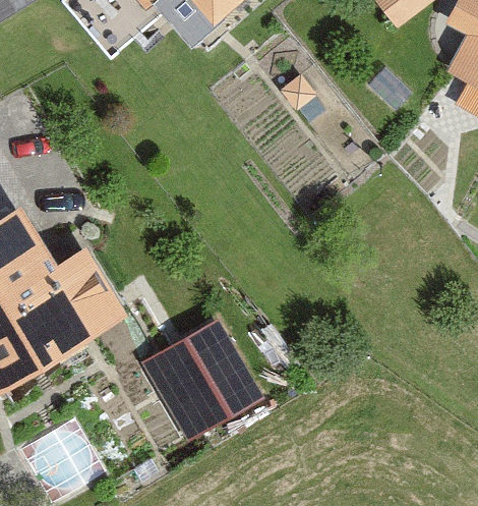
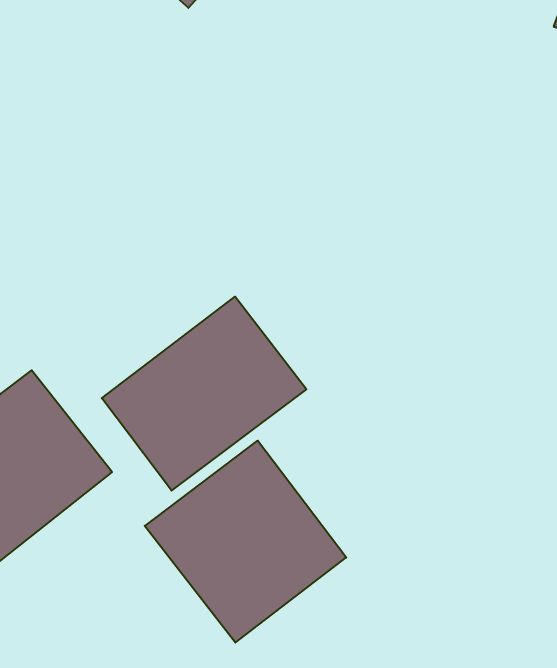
building: none -> [102,297,306,491]

